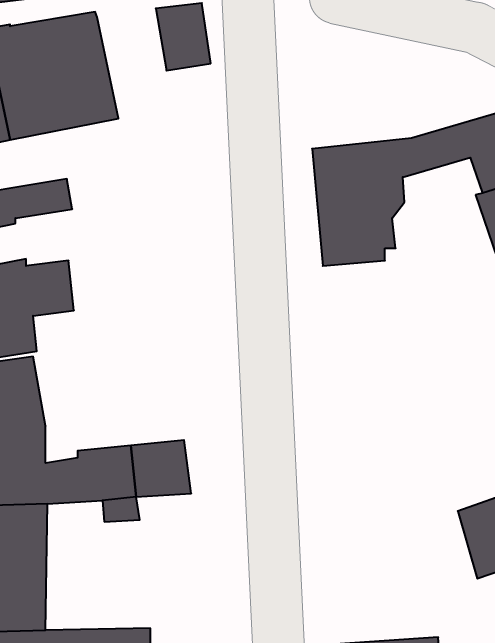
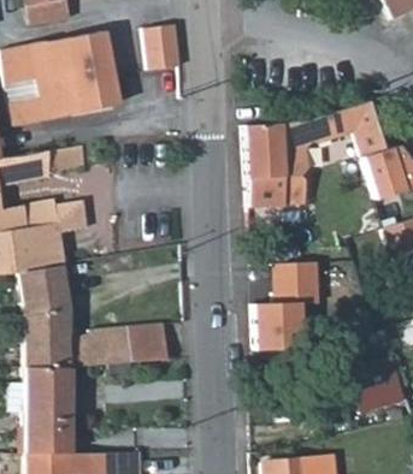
building: none -> [256,266,324,355]

